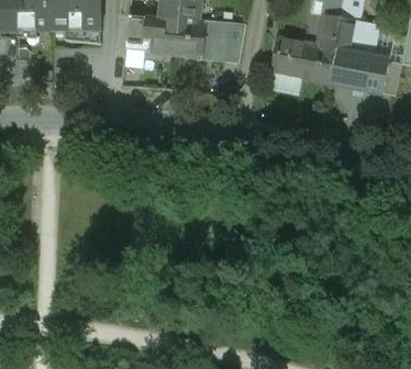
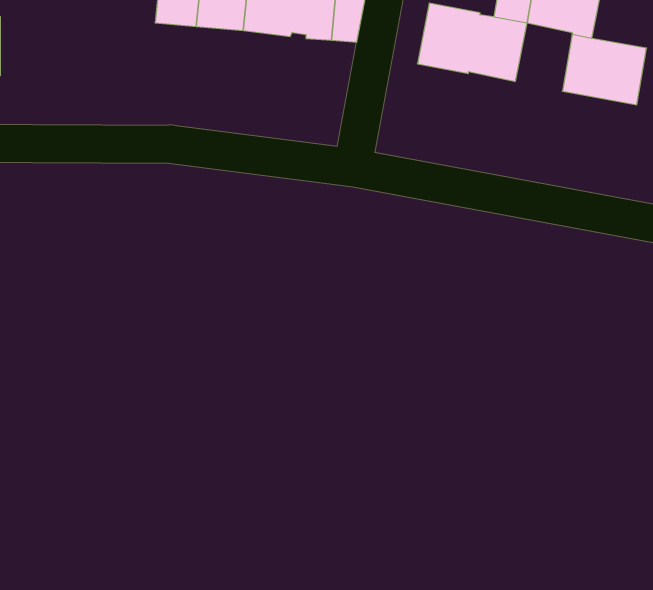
building: [329,48,360,87] -> none

